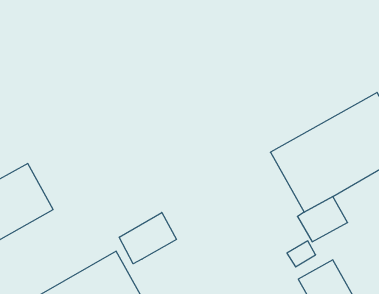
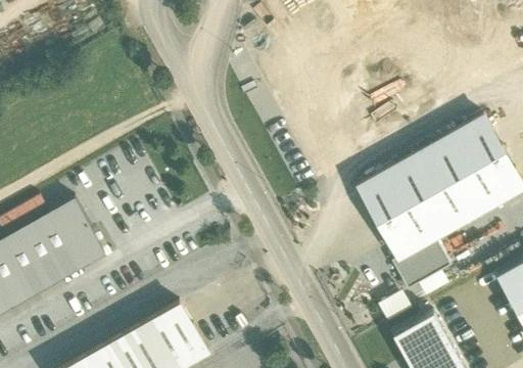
building: [119,212,176,264] -> none

